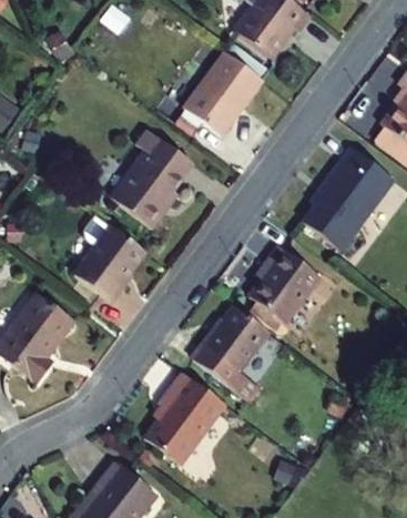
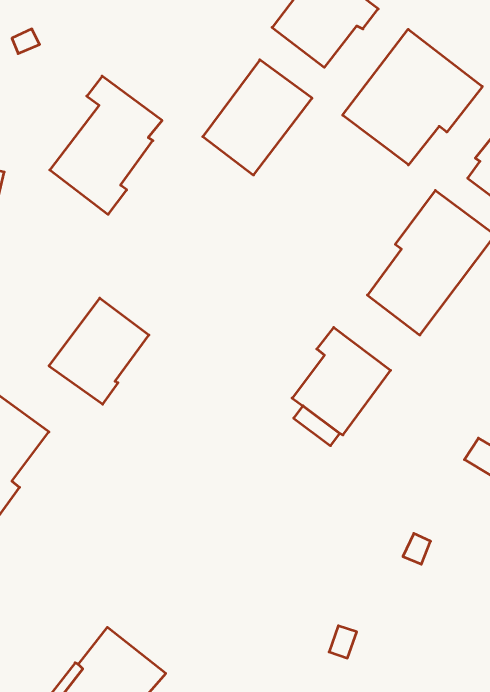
building: none -> [343,29,482,165]
building: [110,129,191,228] -> [50,76,162,214]
building: [193,305,269,402] -> none
building: [144,373,224,464] -> none

